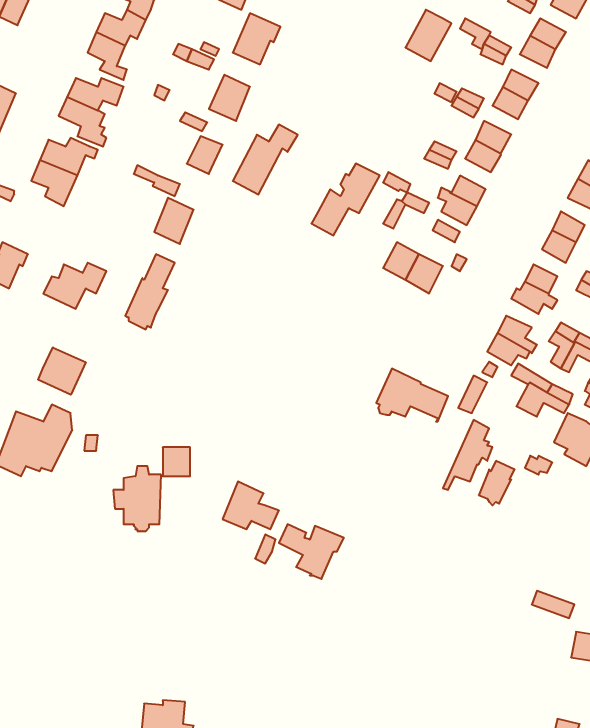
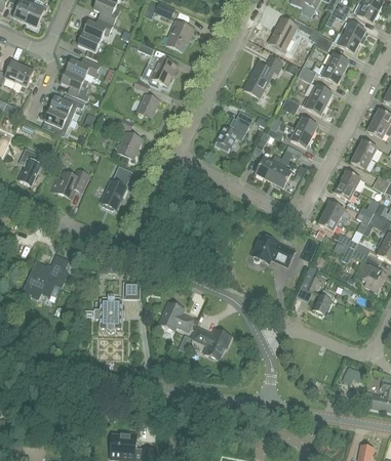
building: [233,125,298,195] -> [243,54,282,96]
building: [38,347,86,395] -> none

